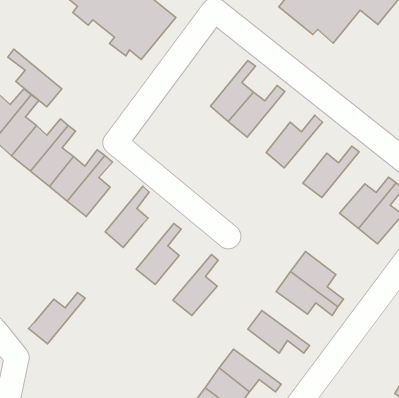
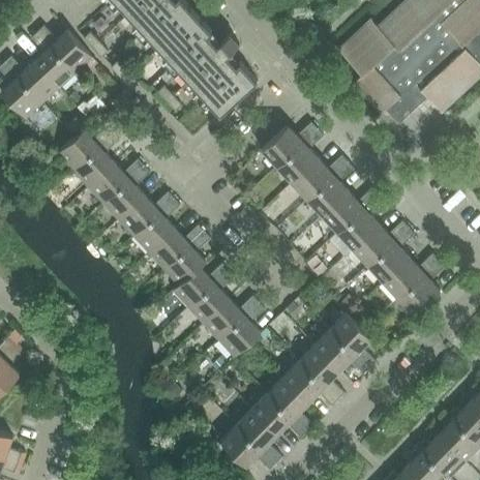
building: [8,49,62,107] -> none
building: none -> [261,123,317,167]
building: none -> [306,162,353,216]
building: none -> [336,196,383,249]
building: none -> [367,228,414,281]
building: none -> [148,226,204,269]
building: none -> [203,296,259,340]
building: none -> [298,346,343,399]
building: [29,293,85,344] -> [172,264,228,307]
building: none -> [267,377,312,431]

